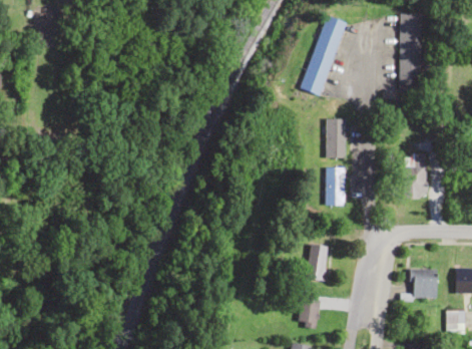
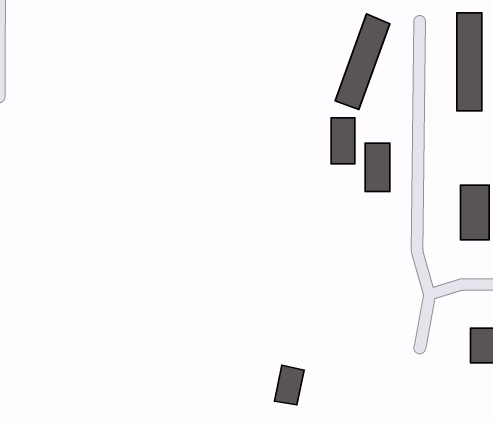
building: [326,167,345,205] -> [331,118,355,164]
building: [306,244,327,280] -> none
building: [297,297,321,329] -> [274,365,304,405]

